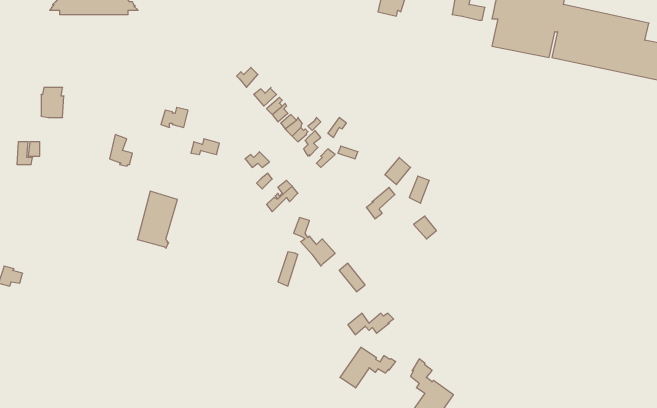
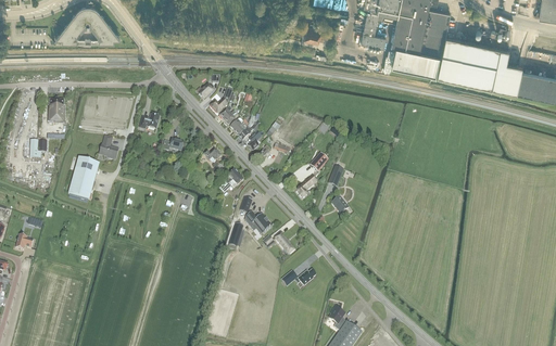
building: [137,191,177,248] -> [68,157,99,201]
building: [340,347,396,388] -> none

